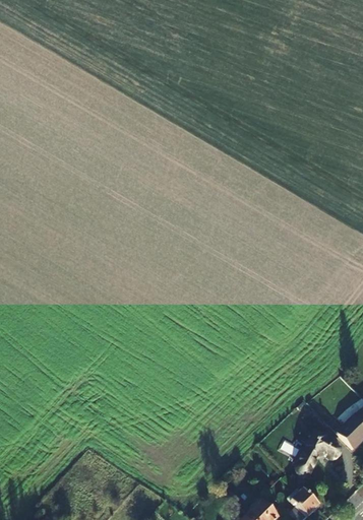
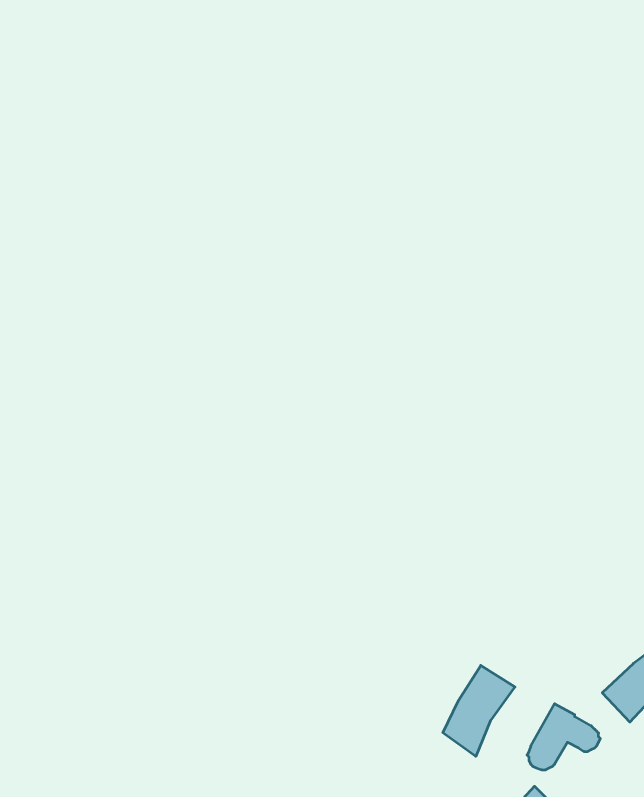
building: none -> [443,665,515,756]

